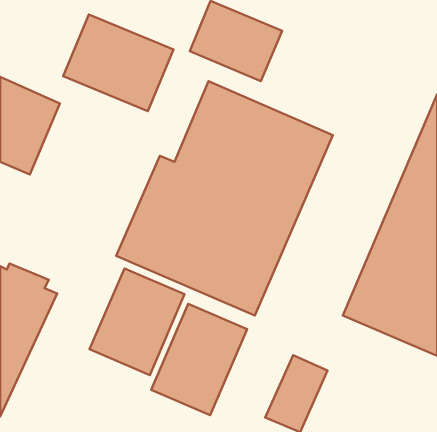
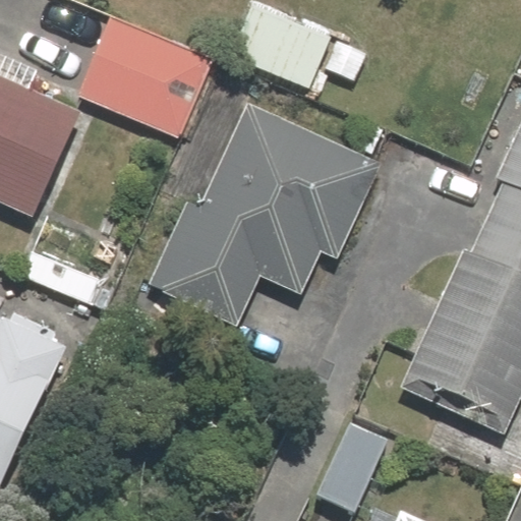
building: [90,269,185,375] -> none
building: [151,304,247,415] -> none

